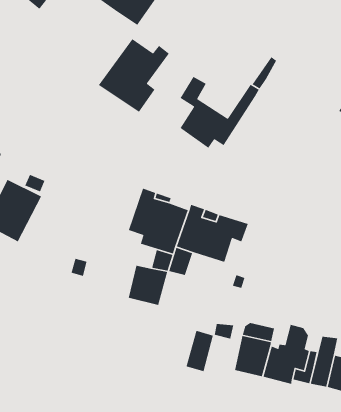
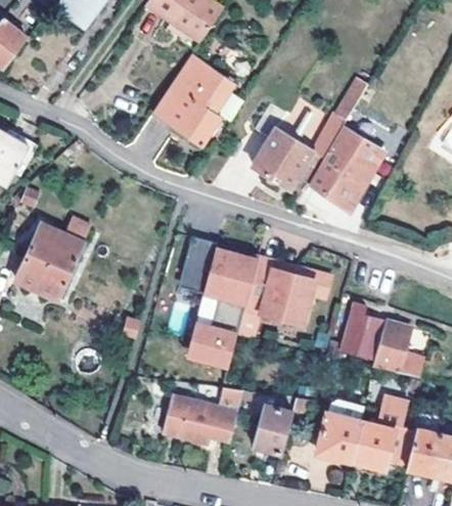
building: none -> [304,126,382,212]
building: none -> [337,308,417,376]
building: none -> [160,382,243,444]

